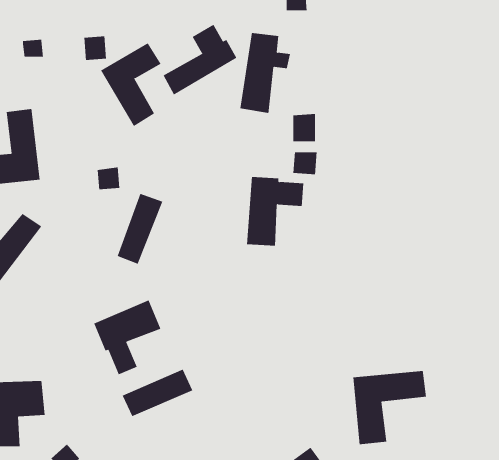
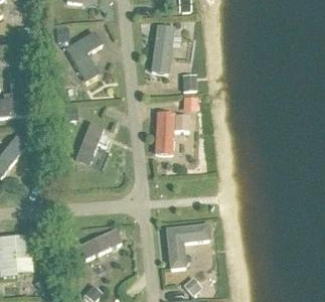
building: [163,24,237,95] -> none
building: [94,299,161,375] -> none
building: [352,370,427,445] -> [165,223,210,269]

